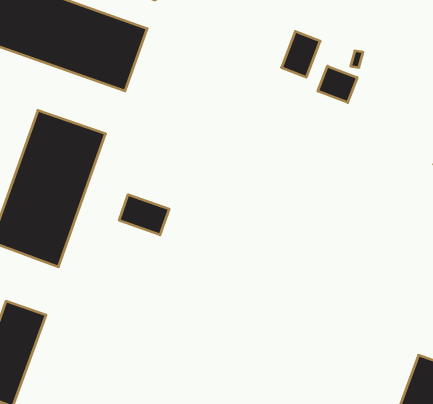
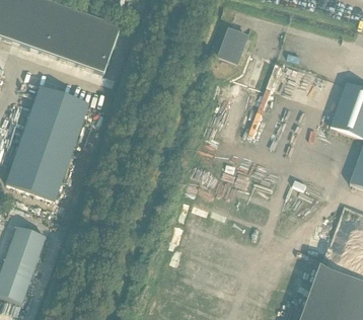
building: [318,66,357,103] -> none
building: [119,195,169,235] -> none

